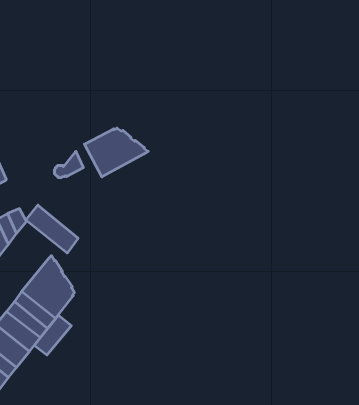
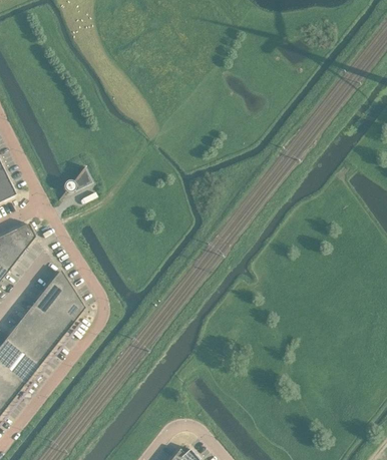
building: [84,128,148,177] -> none
building: [26,205,78,253] -> none
building: [34,315,71,355] -> none

